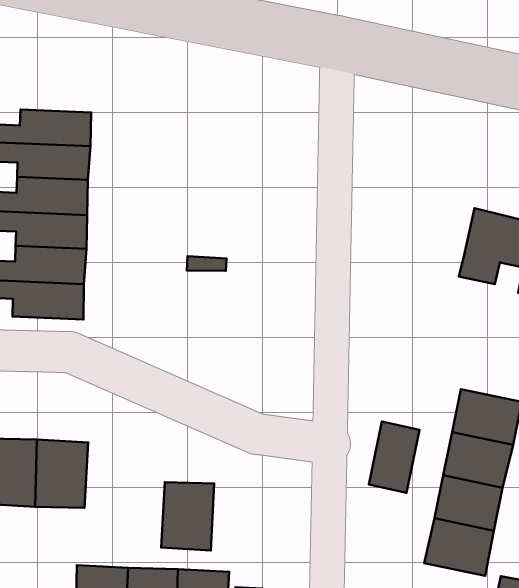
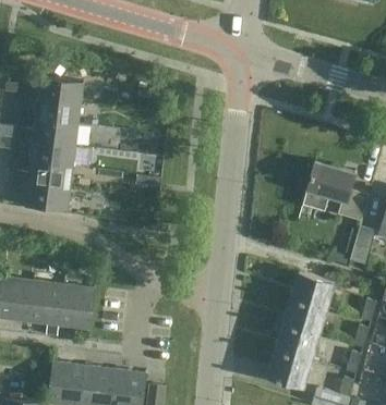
building: [369,421,420,493] -> none
building: [161,482,214,551] -> [60,285,96,330]

